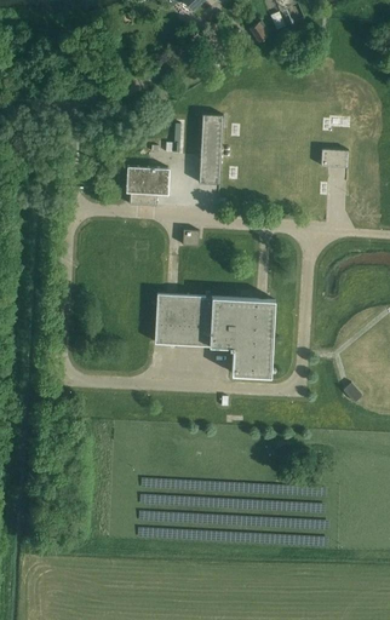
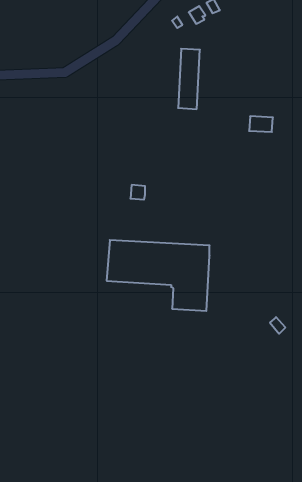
building: [197,115,223,185] -> [178,49,200,109]
building: [126,167,168,207] -> none

